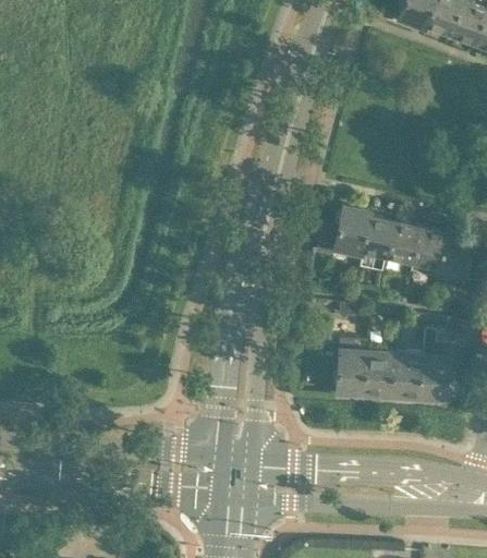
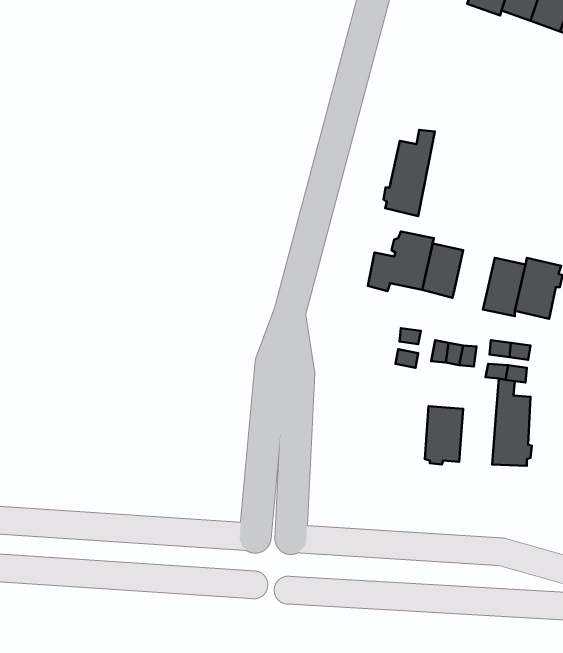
building: none -> [384,130,435,216]
building: [388,222,422,267] -> none
building: [333,339,368,395] -> none
building: [392,353,423,401] -> none

